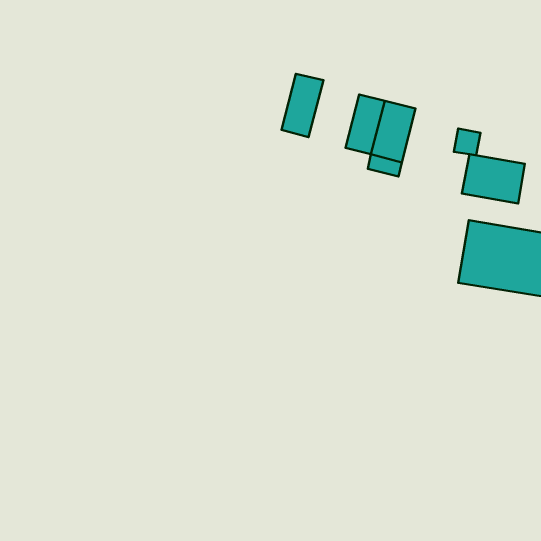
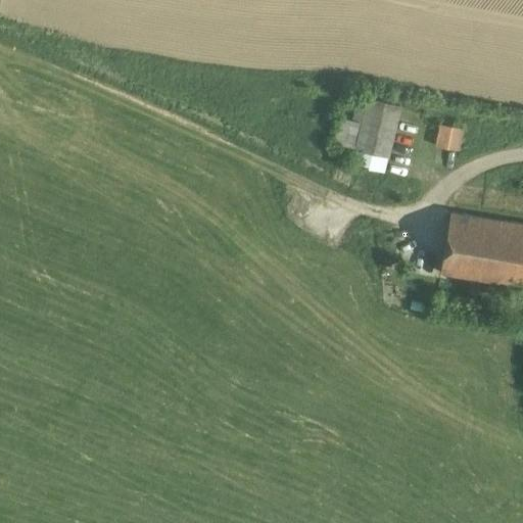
building: [281,74,323,137] -> none
building: [462,154,525,204] -> none

